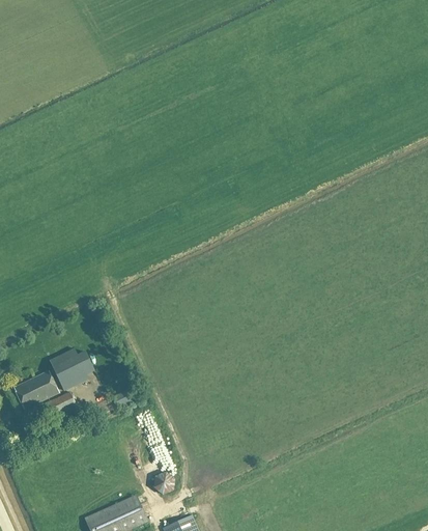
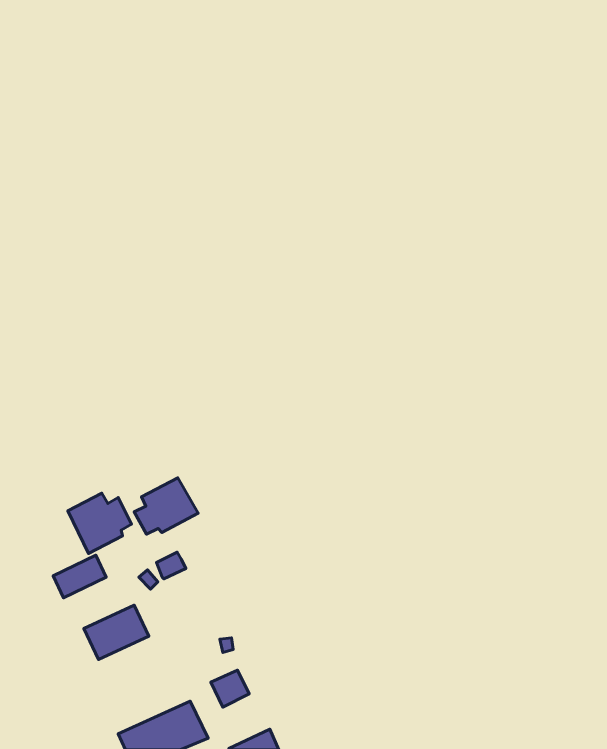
building: none -> [134,478,198,534]
building: [12,371,58,410] -> [84,605,149,660]

